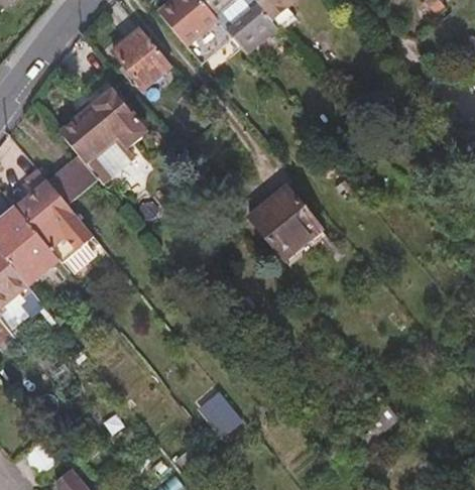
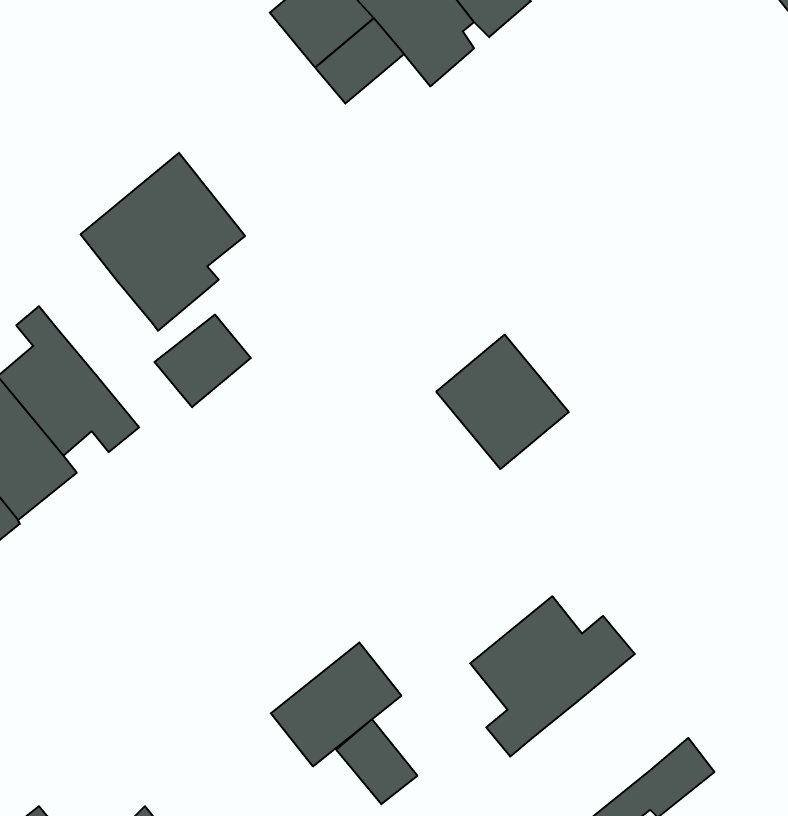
building: [112,28,170,88] -> none
building: [47,156,99,206] -> [154,315,251,407]
building: none -> [470,596,635,757]
building: none -> [271,642,401,766]

